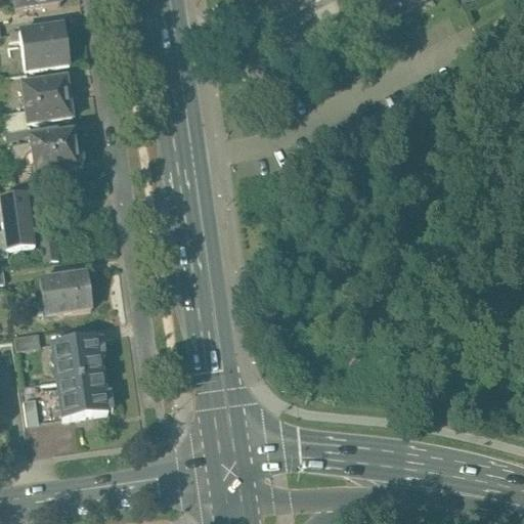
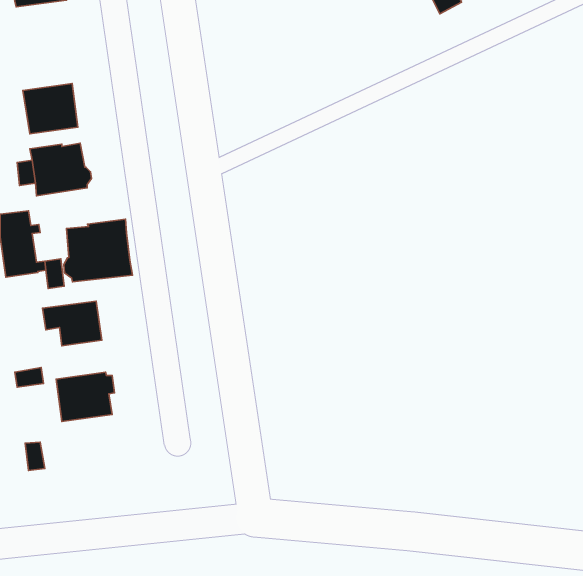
building: [20,23,71,67] -> none
building: none -> [64,219,133,282]
building: [57,370,112,416] -> none

